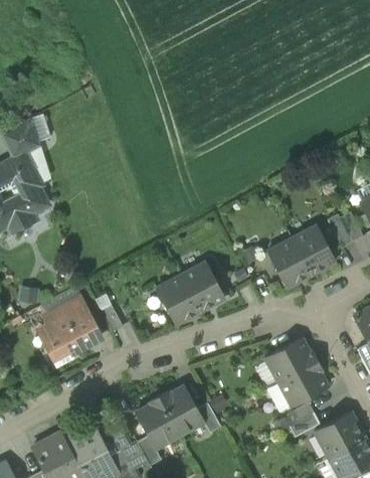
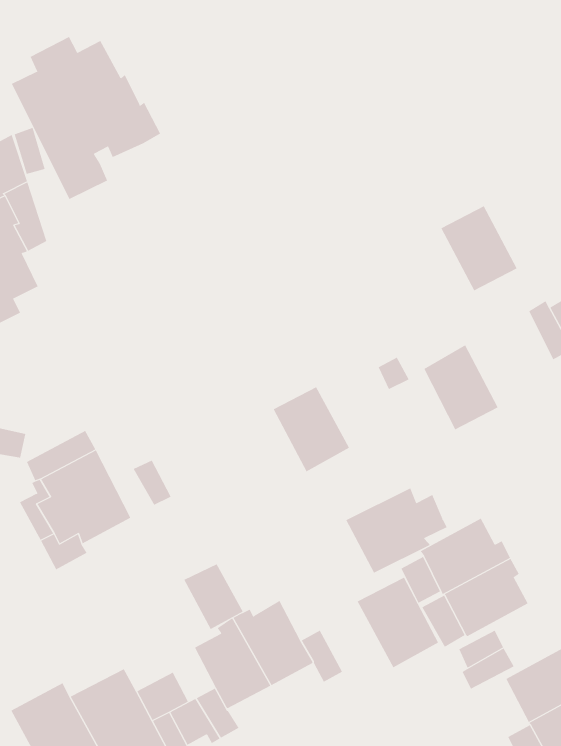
building: none -> [11,36,161,200]
building: [292,225,336,275] -> [441,205,518,291]
building: [156,276,200,325] -> none
building: none -> [346,487,448,574]
building: none -> [184,564,243,630]
building: none -> [357,577,439,668]

